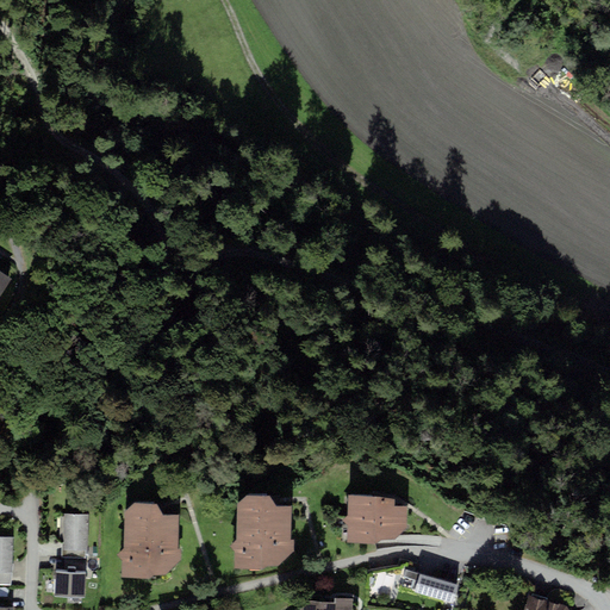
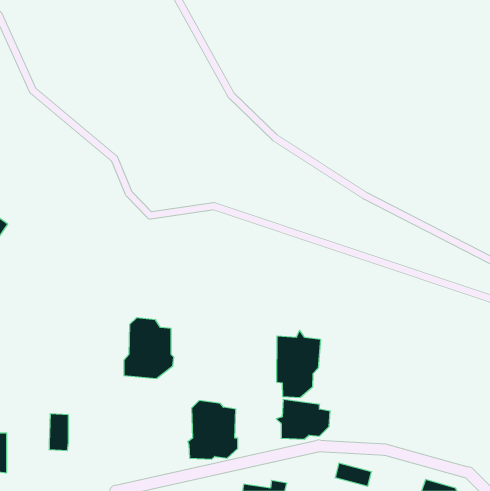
building: none -> [277,330,320,398]
building: [119,503,181,578] -> [124,318,174,378]
building: [52,568,85,597] -> none

